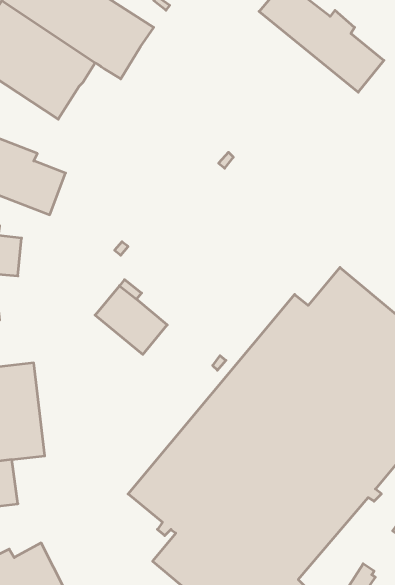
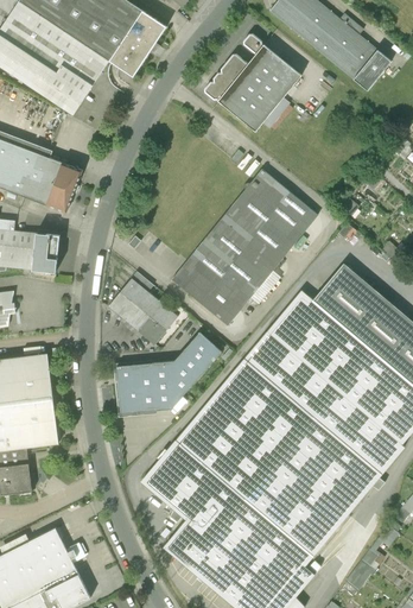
building: none -> [204,36,299,131]
building: none -> [171,169,317,325]
building: none -> [33,233,62,272]
building: none -> [116,331,222,412]

